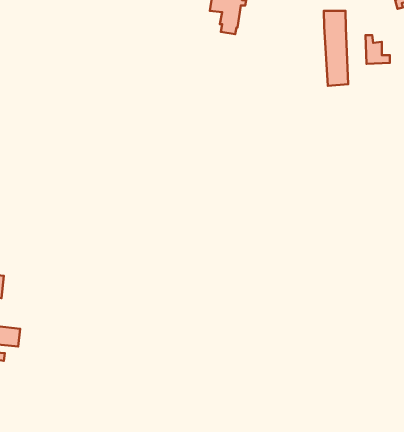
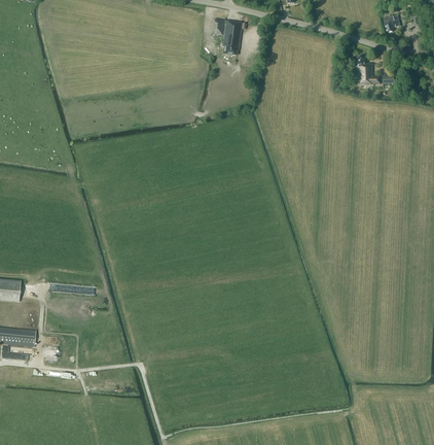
building: [324,11,348,86] -> none

